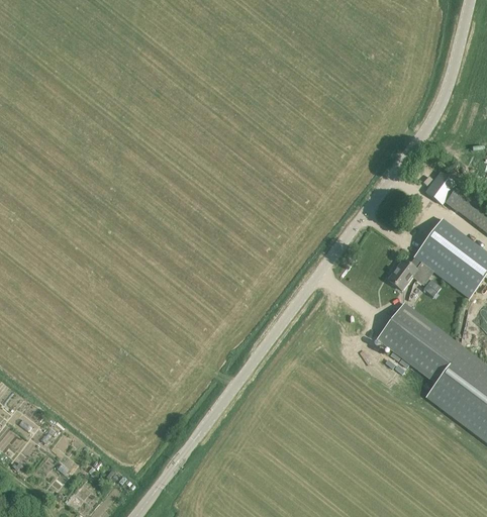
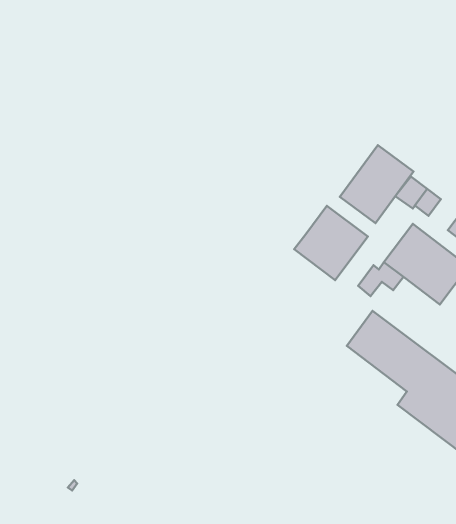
building: none -> [340,145,414,223]
building: none -> [294,206,368,280]

